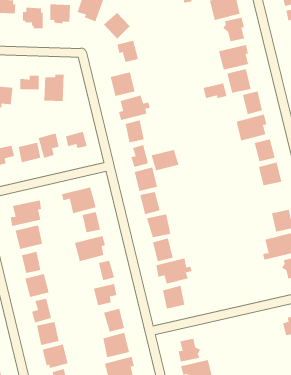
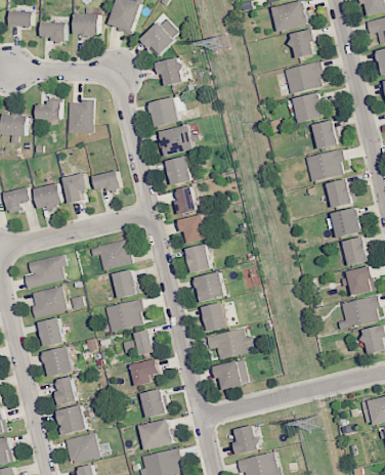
building: [203,83,227,99] -> none
building: [151,149,179,171] -> none
building: none -> [343,236,368,265]

